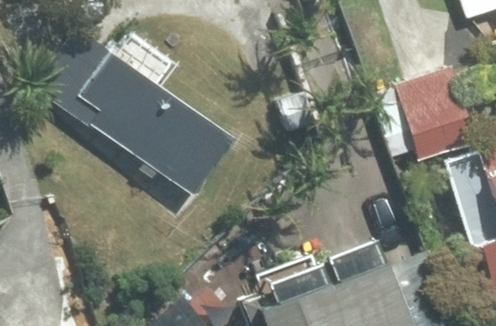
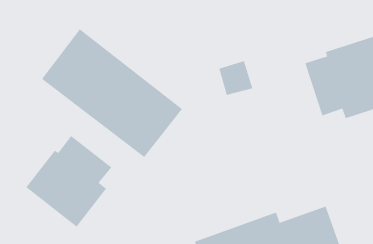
building: none -> [26,135,112,227]

